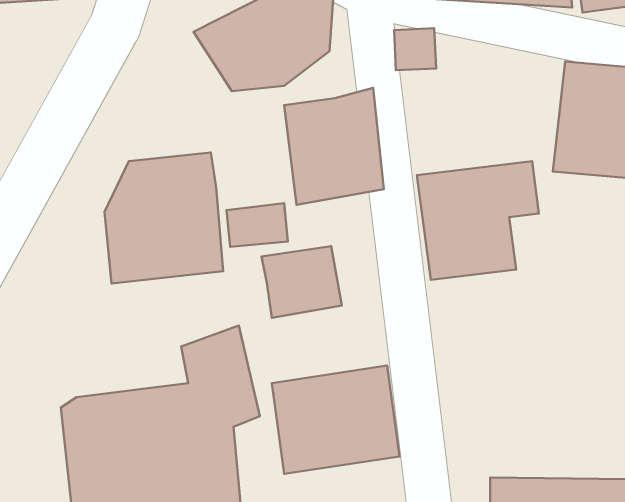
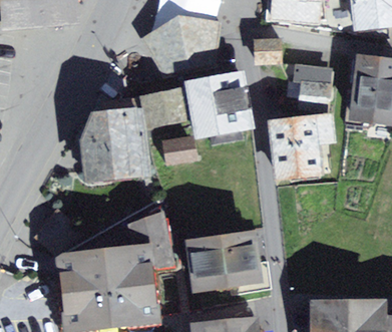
building: none -> [292,62,327,109]
building: [261,246,342,318] -> [143,88,189,129]

